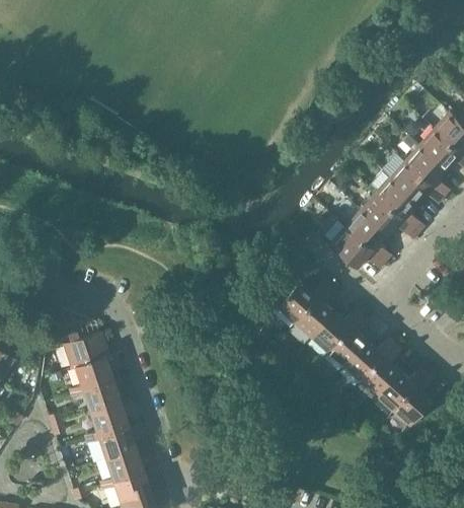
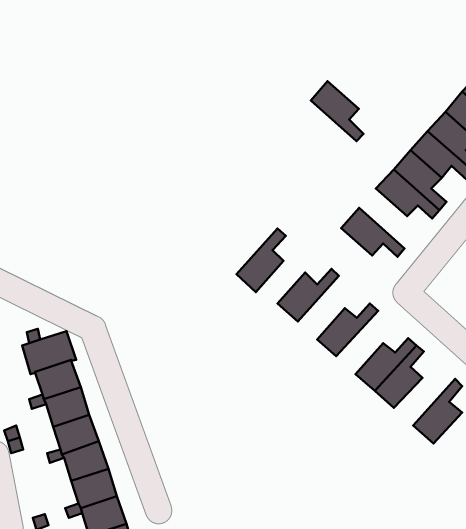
building: [347,211,392,262] -> [311,81,364,141]
building: [296,285,337,339] -> [237,229,286,292]
building: [328,314,370,368] -> none
building: [377,366,429,412] -> none

